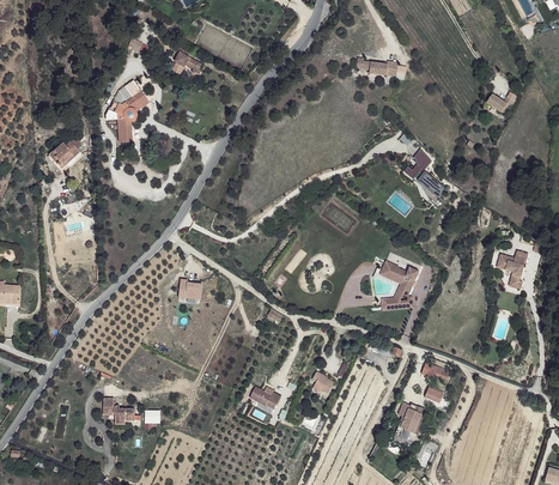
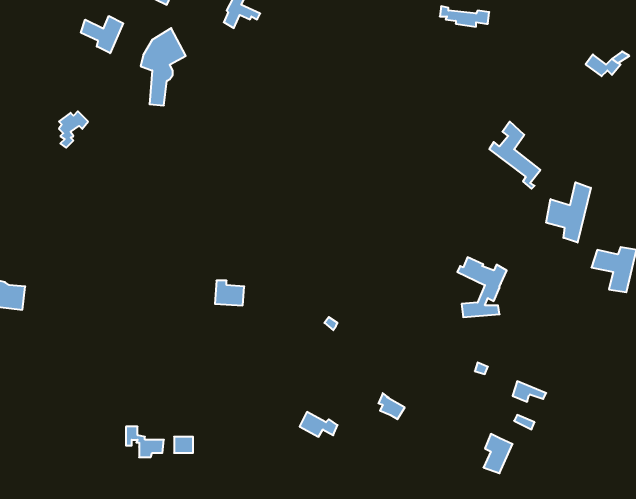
building: none -> [81,16,123,53]
building: none -> [546,182,591,243]

